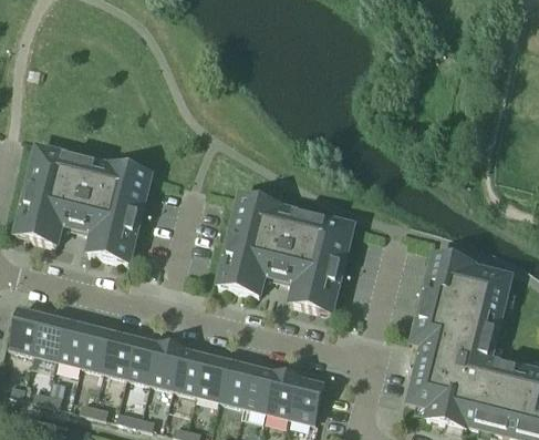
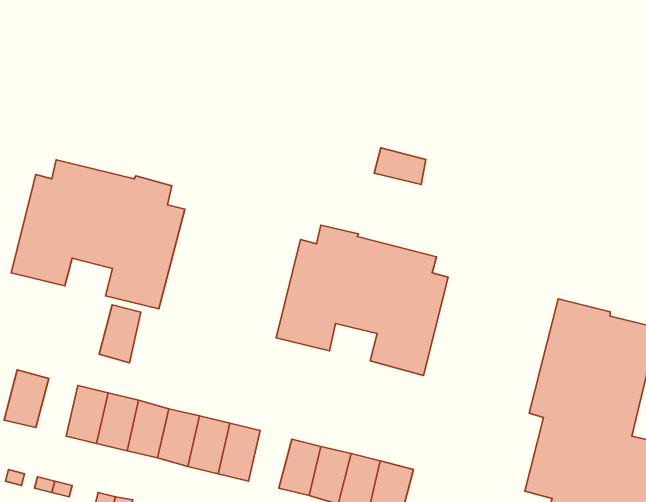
building: none -> [374,148,426,184]
building: [34,316,66,360] -> [99,305,141,363]
building: [197,356,230,400] -> none

